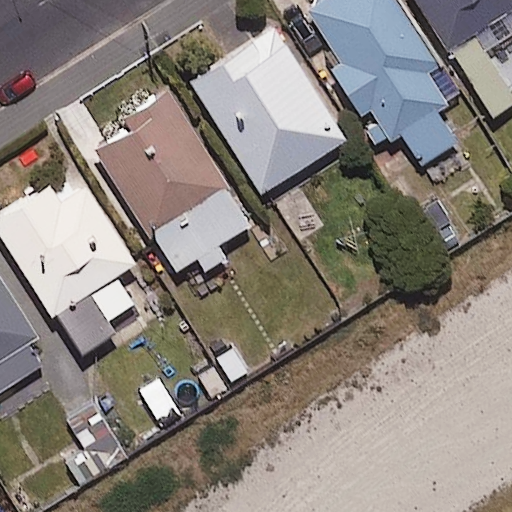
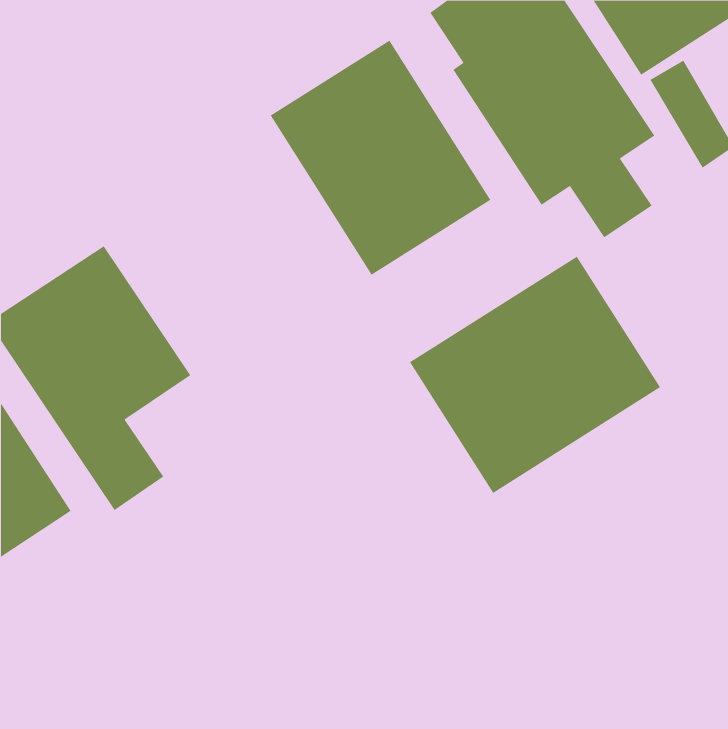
building: [98,92,249,275] -> none
building: none -> [409,256,661,494]

